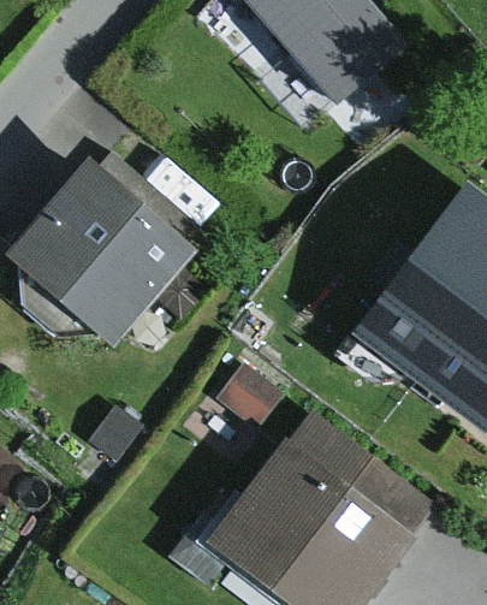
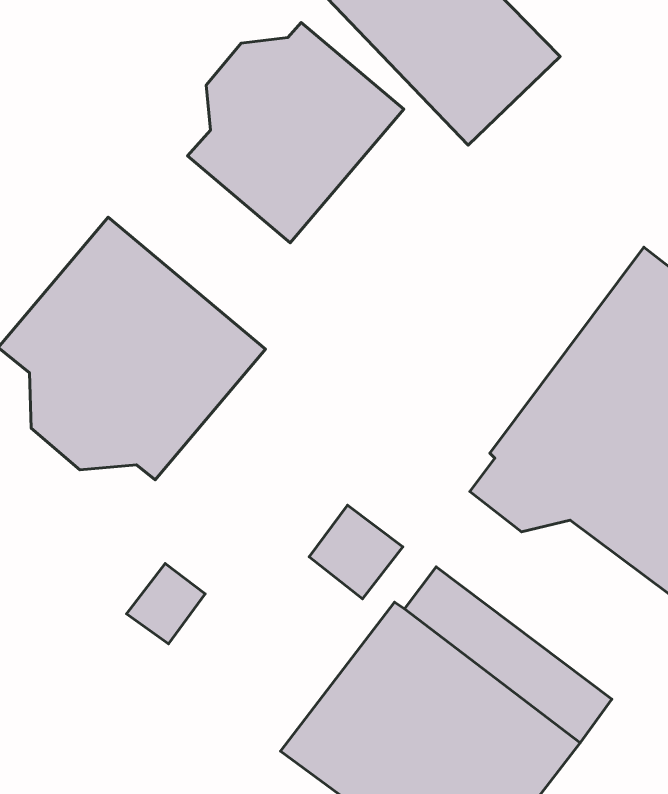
building: none -> [187,22,404,243]

